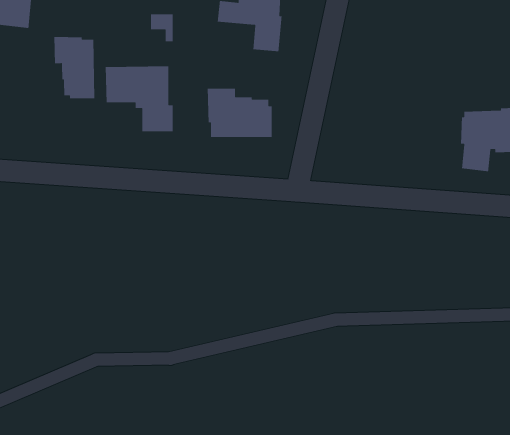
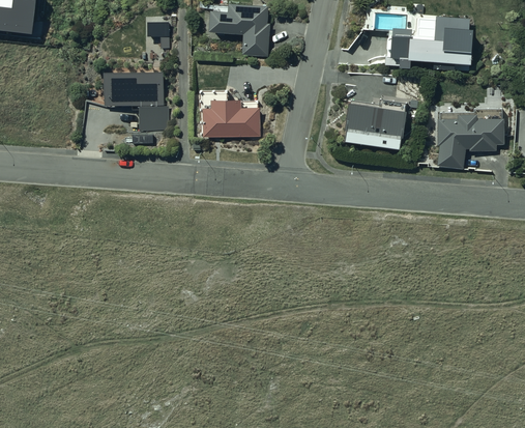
building: none -> [383,17,472,72]
building: [54,36,95,99] -> none
building: none -> [343,99,406,151]

